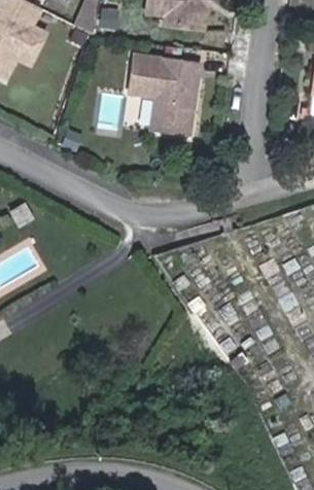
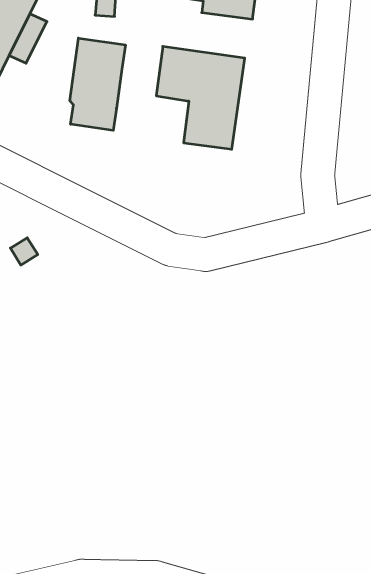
building: none -> [70,38,125,130]

